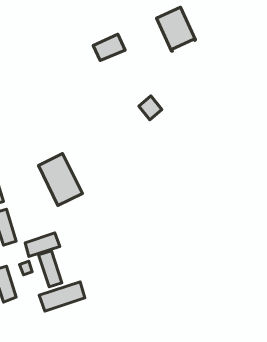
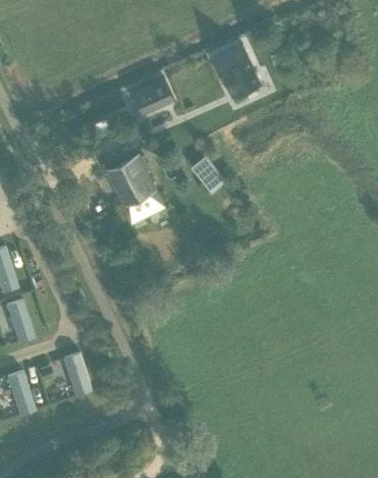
building: [38,154,83,206] -> [108,155,164,221]
building: [25,233,60,257] -> none
building: [39,282,85,311] -> none

